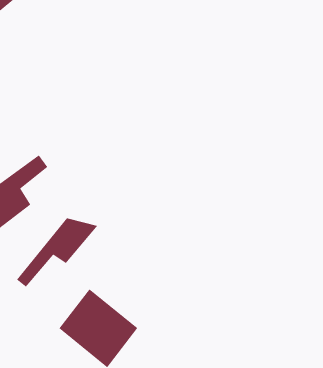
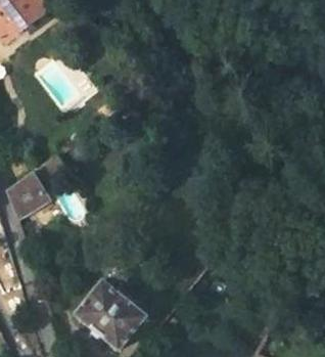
building: [16,218,98,287] -> none

